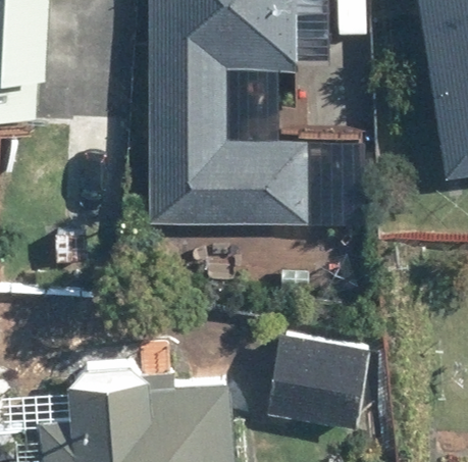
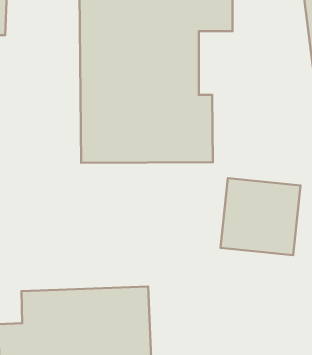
building: [270,328,370,424] -> [220,178,301,255]

